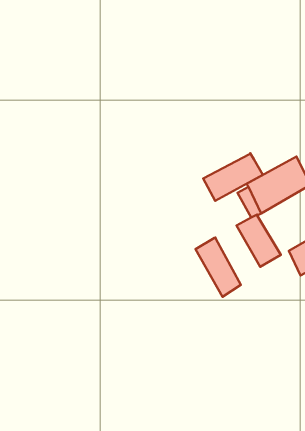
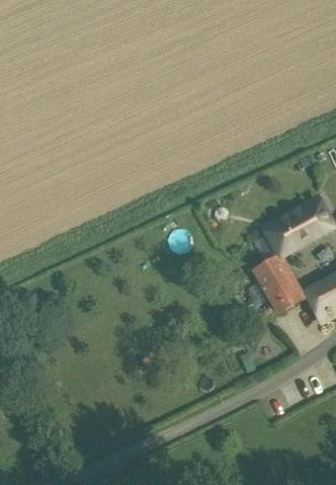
building: [203,153,263,201] -> none
building: [195,238,241,297] -> none

